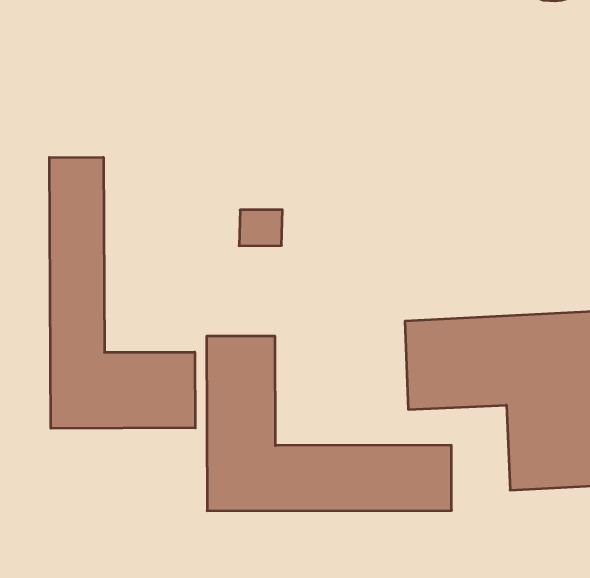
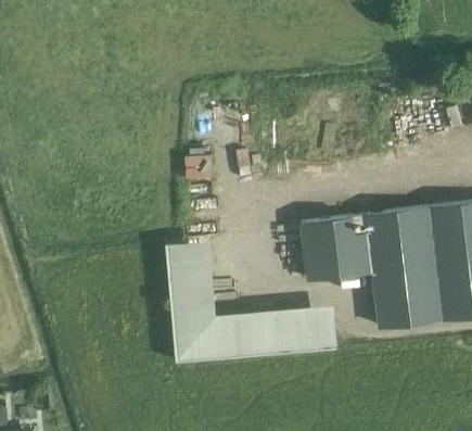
building: [49,157,195,428] -> none

